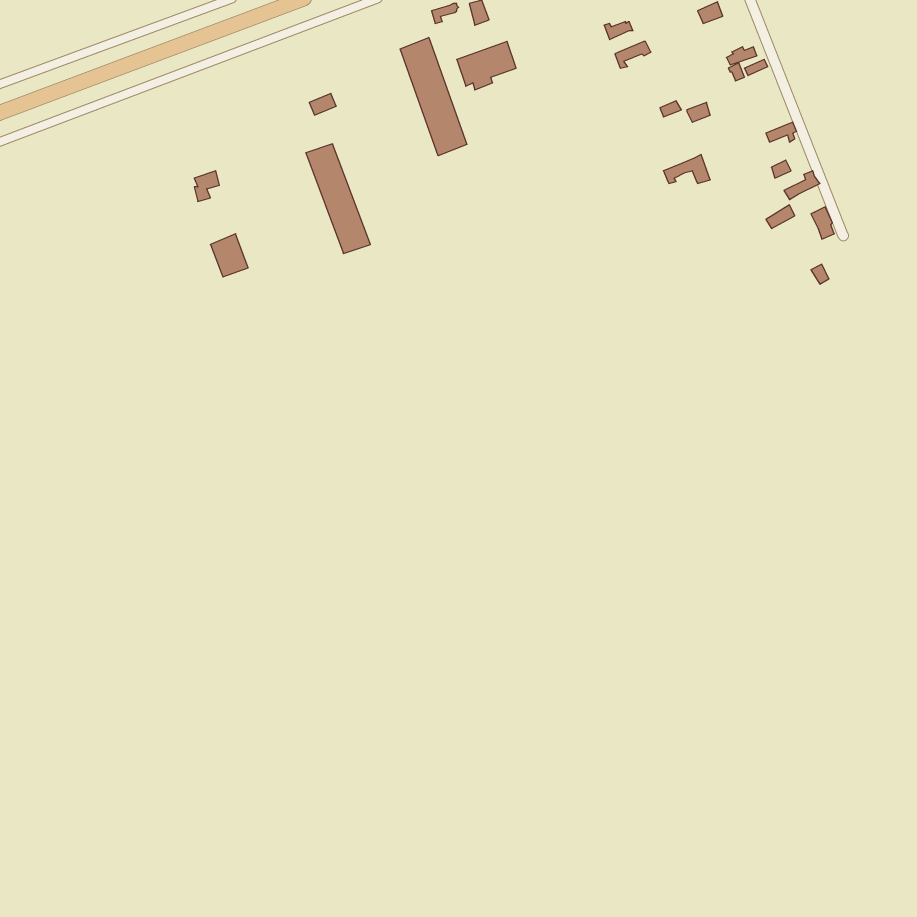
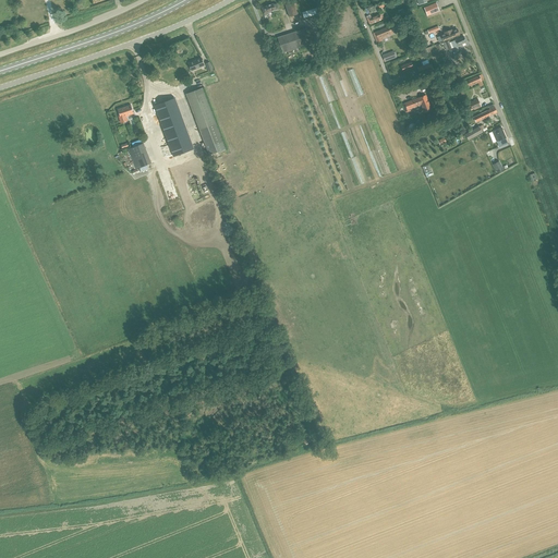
building: [400,37,467,156] -> none
building: none -> [154,97,193,156]

